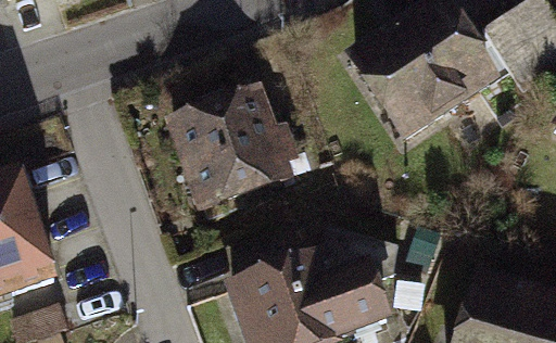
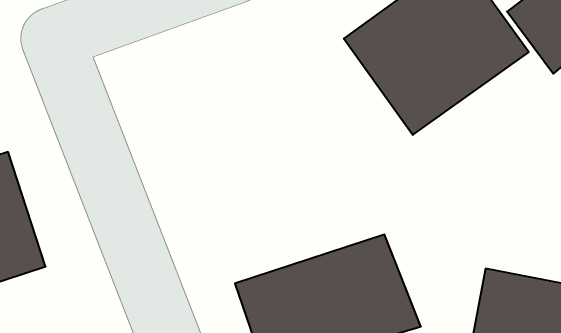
building: [166,85,292,202] -> none

